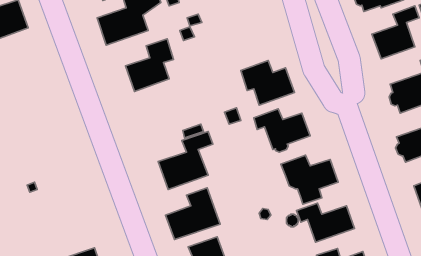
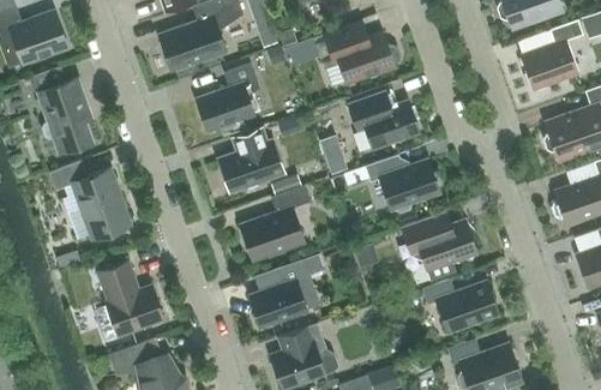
building: none -> [313,25,399,85]
building: none -> [37,78,94,154]
building: none -> [218,127,286,192]
building: none -> [49,161,131,239]
building: none -> [95,262,164,341]

